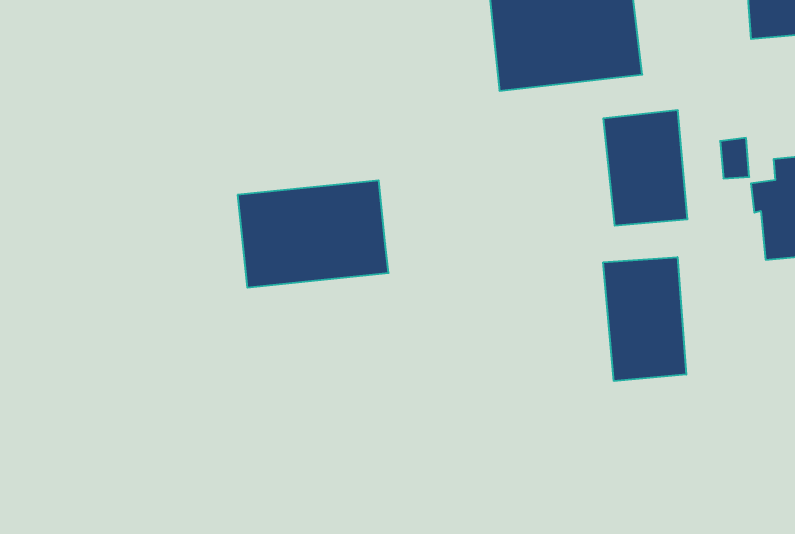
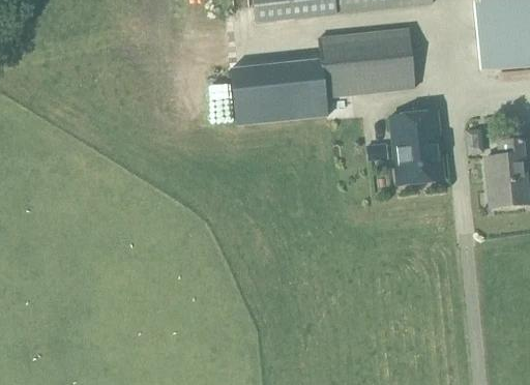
building: [238,180,389,288] -> [230,57,326,125]
building: [603,257,686,381] -> none

